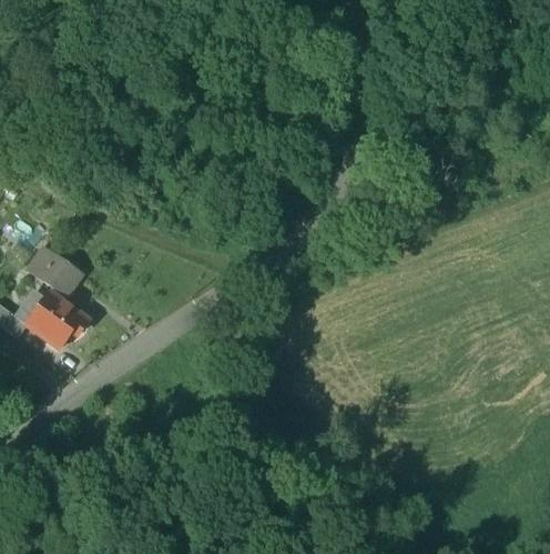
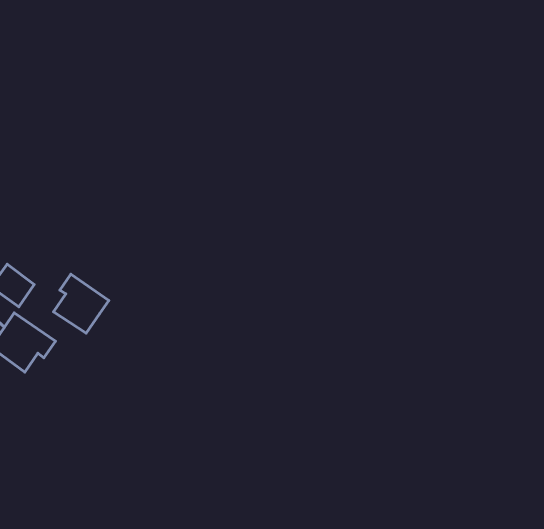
building: none -> [54,274,109,333]

